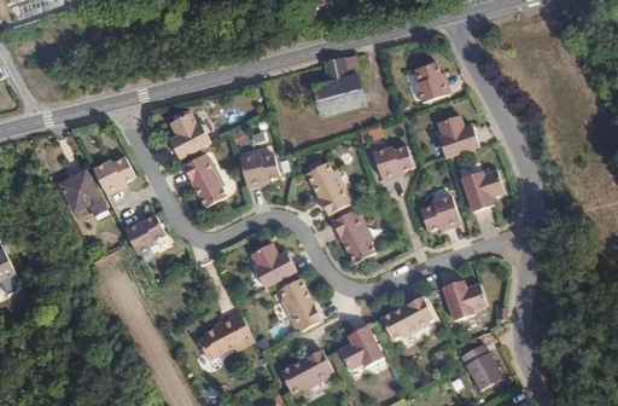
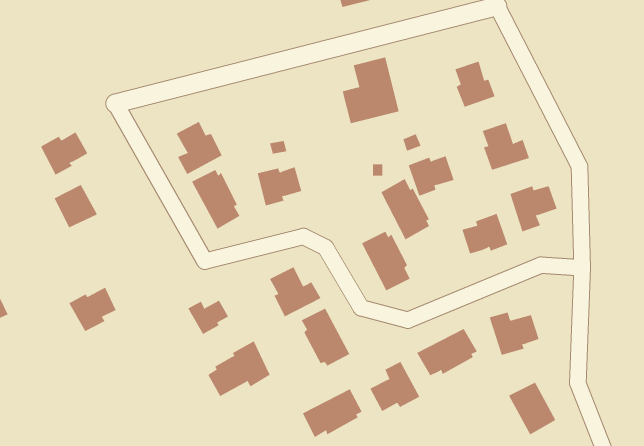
building: [92,157,134,196] -> [40,132,88,175]
building: [307,161,350,215] -> [380,178,430,240]
building: [122,214,164,254] -> [68,287,116,332]
building: none -> [187,300,229,335]

